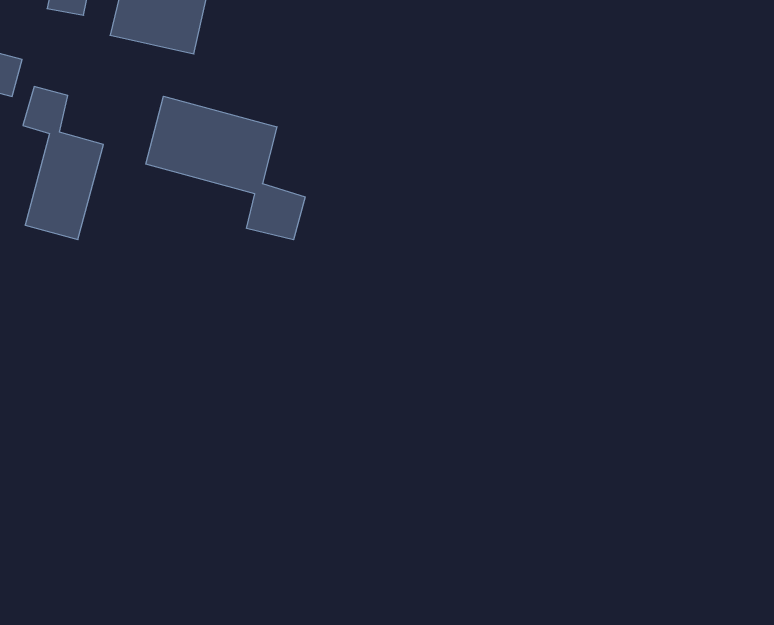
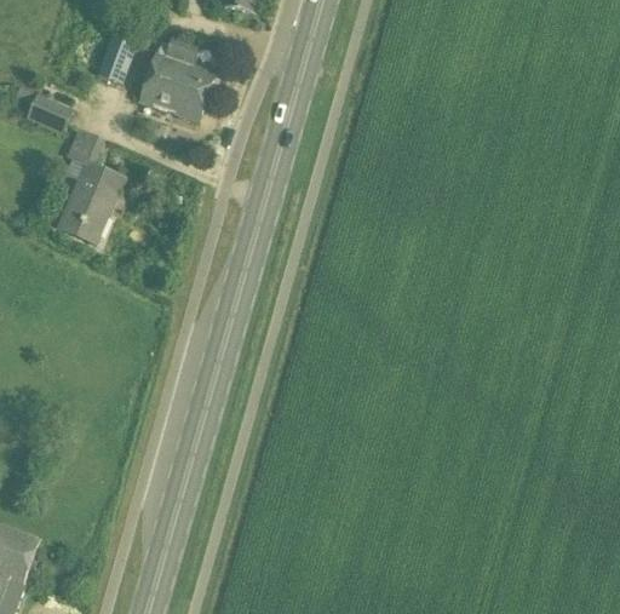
building: [146,96,305,240] -> none

